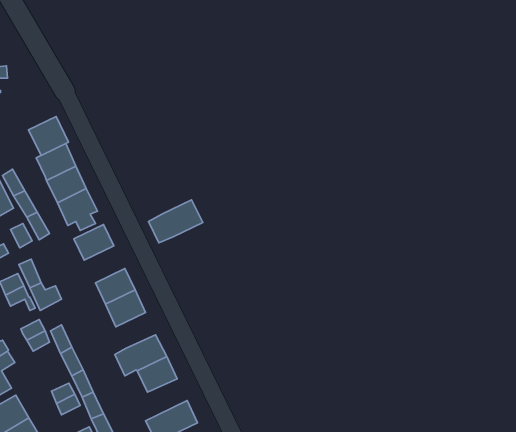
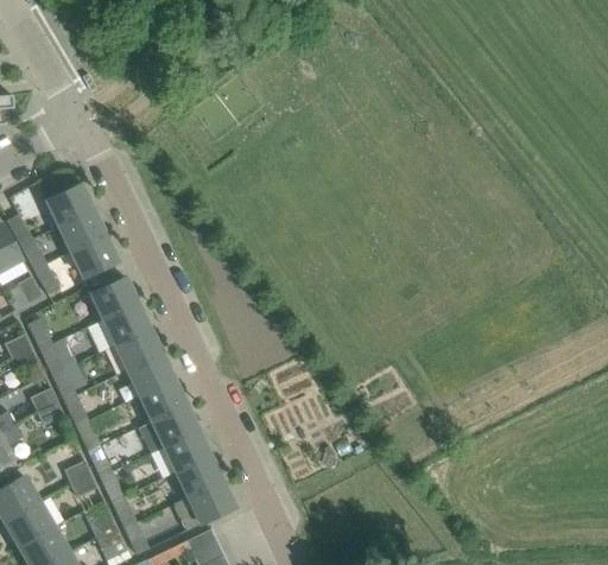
building: [29,116,69,156] -> none
building: [149,200,203,243] -> [87,301,150,351]
building: none -> [51,363,86,400]
building: none -> [139,379,185,420]
building: none -> [176,456,222,497]

